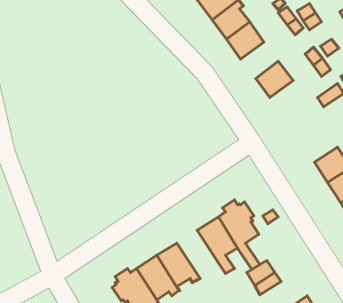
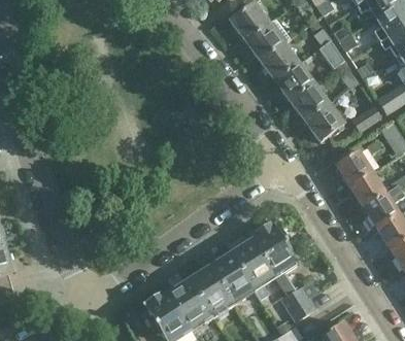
building: none -> [274,64,312,101]
building: none -> [304,103,344,141]
building: none -> [336,149,373,186]
building: none -> [209,255,250,305]

